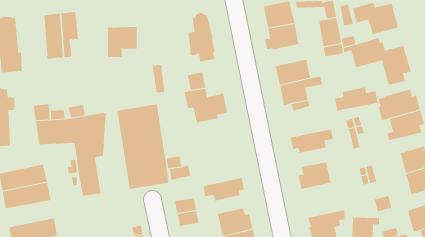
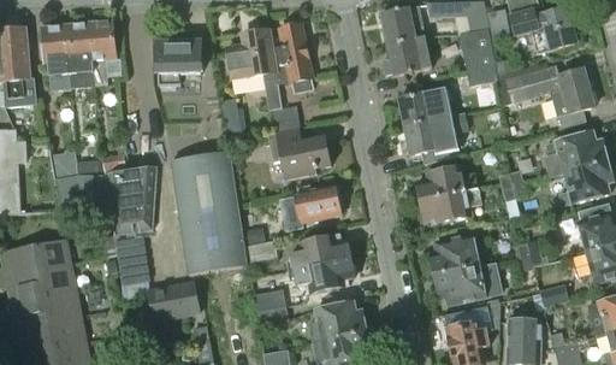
building: none -> [41,24,71,90]
building: none -> [226,30,280,102]
building: [334,87,379,111] -> [416,165,480,200]
building: none -> [282,184,344,229]
building: none -> [291,234,351,270]
building: none -> [436,261,497,304]
building: none -> [150,283,200,319]
building: none -> [11,290,82,329]

